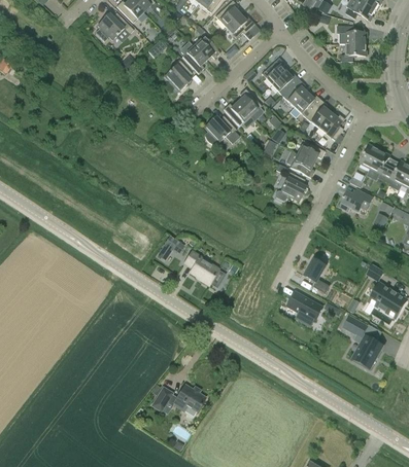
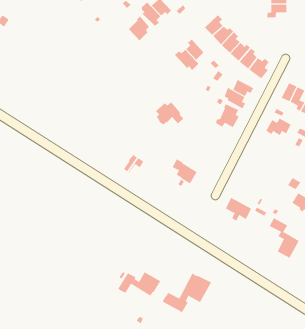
building: [203,115,240,145] -> [155,102,184,125]
building: [185,251,218,284] -> [172,158,198,184]
building: [303,259,329,294] -> none
building: none -> [163,273,212,313]

